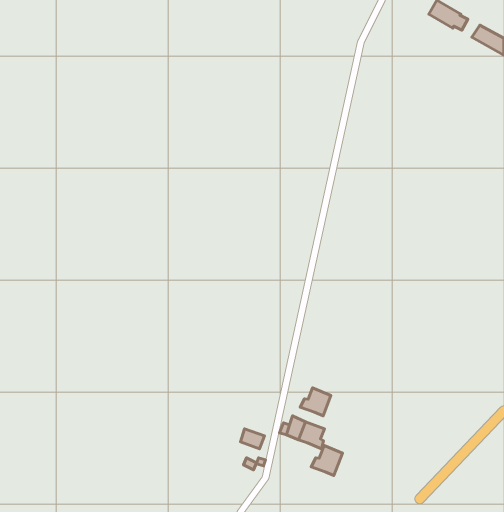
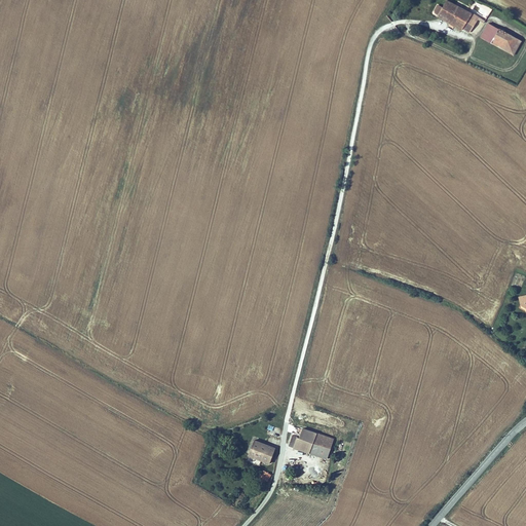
building: [300,388,331,416] -> none
building: [311,445,343,476] -> none

